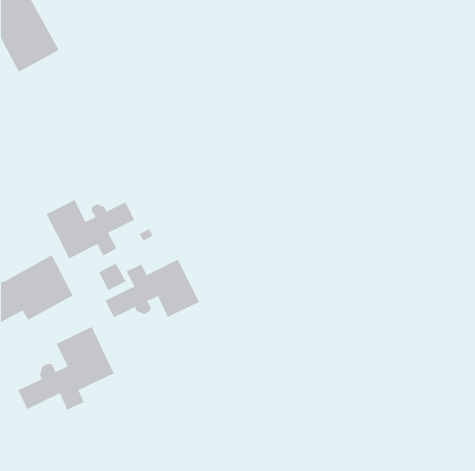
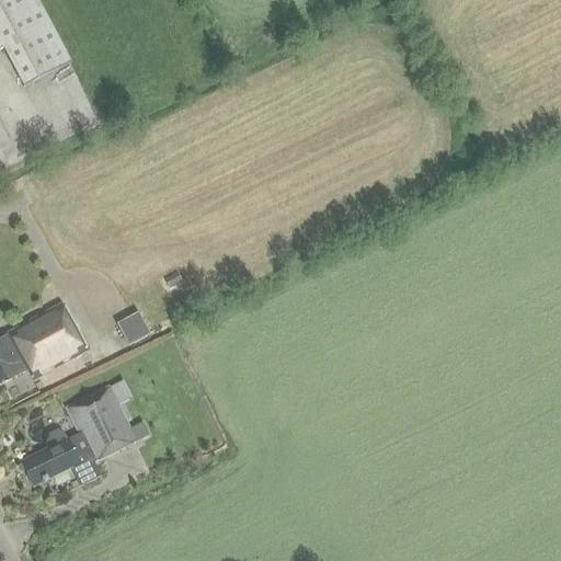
building: [46,199,135,259] -> none
building: [105,259,200,318] -> none

